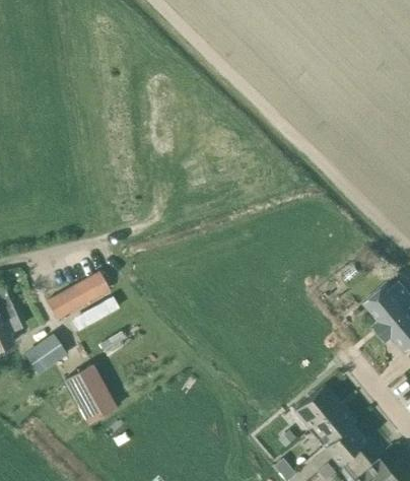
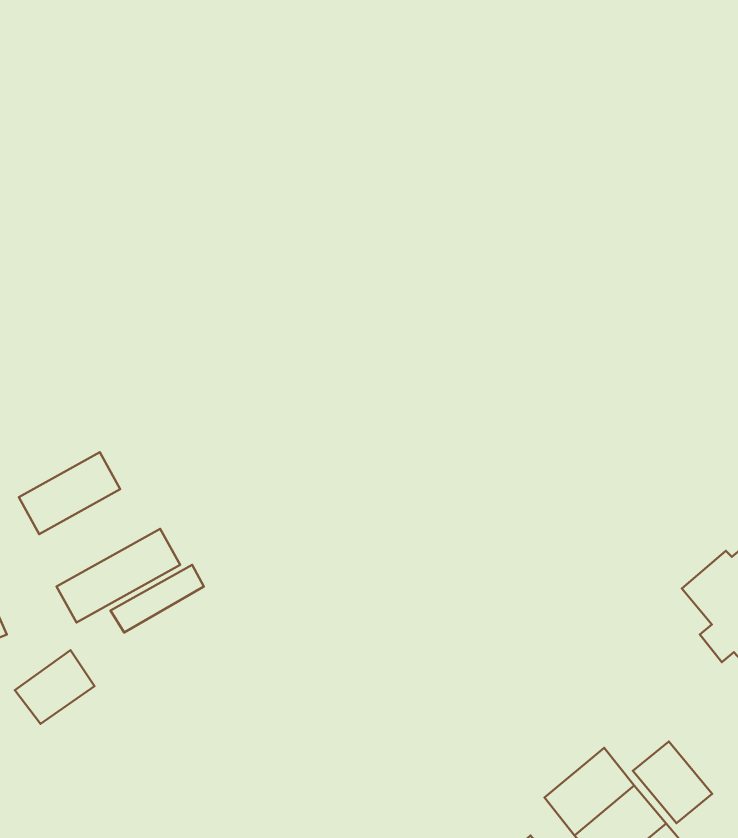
building: none -> [19,452,120,534]
building: [66,365,117,424] -> none
building: none -> [633,741,712,823]

